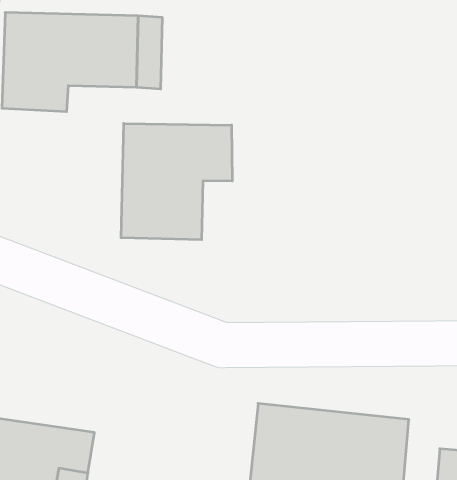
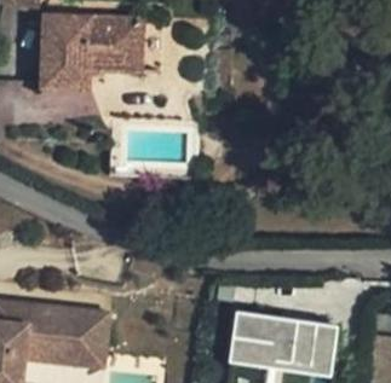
building: [121,123,232,240] -> none

